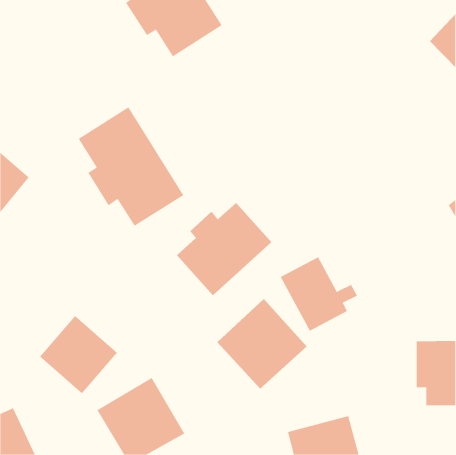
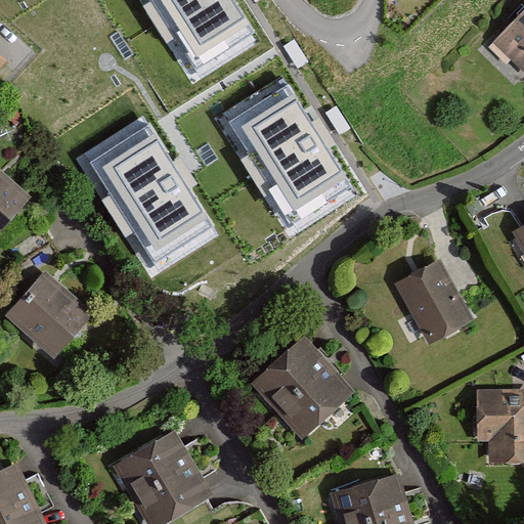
building: none -> [228,82,350,219]
building: [176,202,272,296] -> none
building: [280,256,358,332] -> [394,260,483,346]
building: [39,315,118,394] -> [8,266,98,356]

